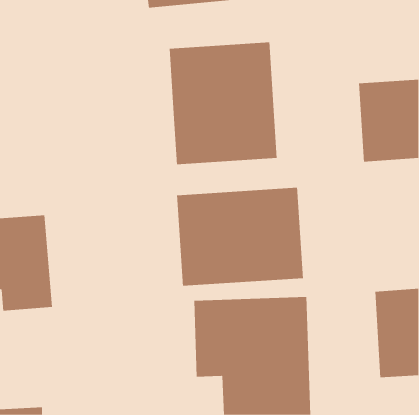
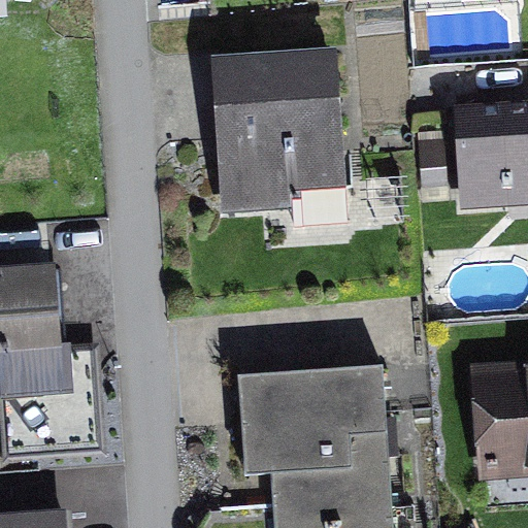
building: [176,187,303,287] -> none

